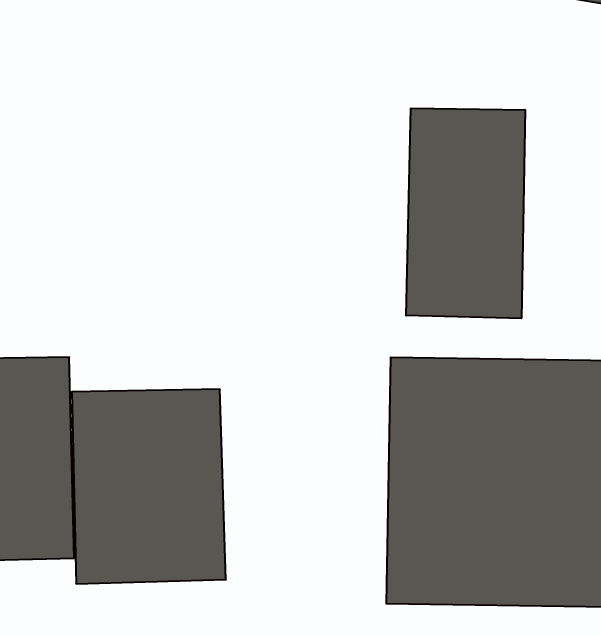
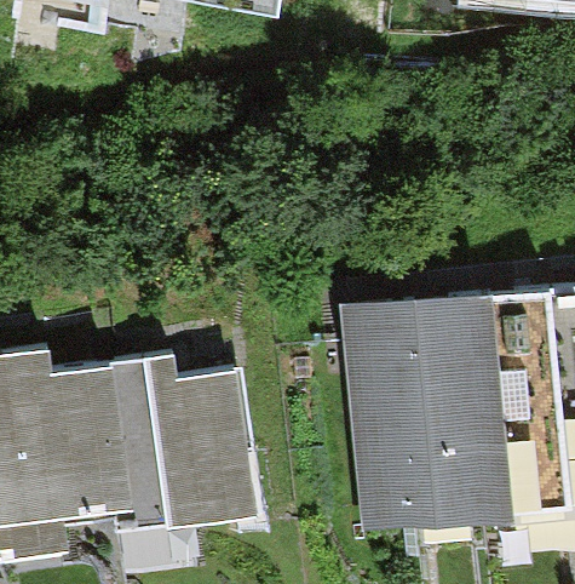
building: [406,108,525,318] -> none

